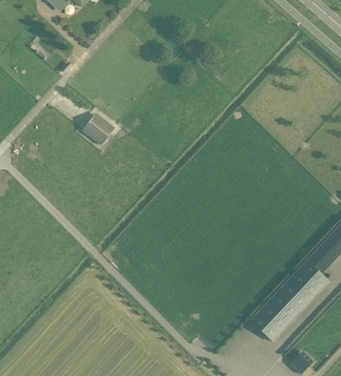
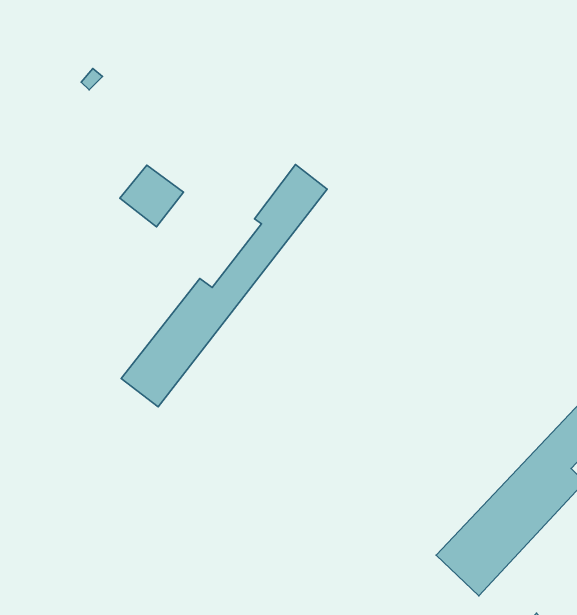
building: none -> [121,165,327,407]

